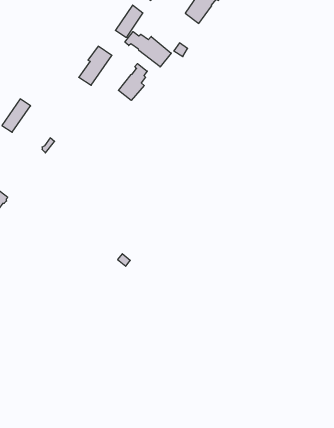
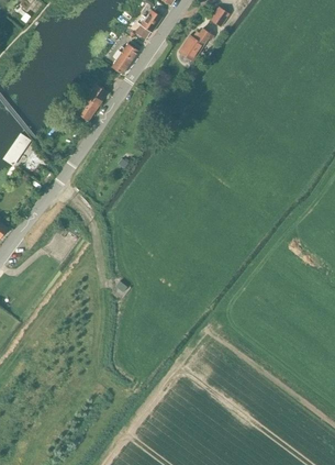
building: [125,32,171,67] -> none
building: [118,64,147,100] -> none

